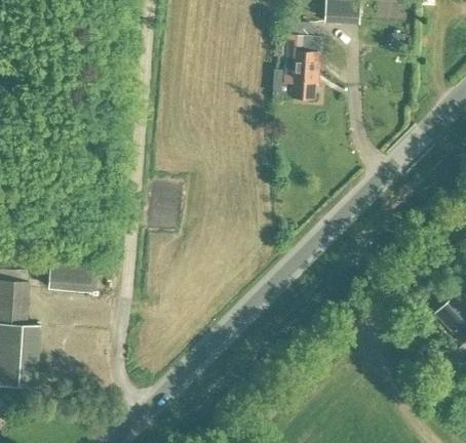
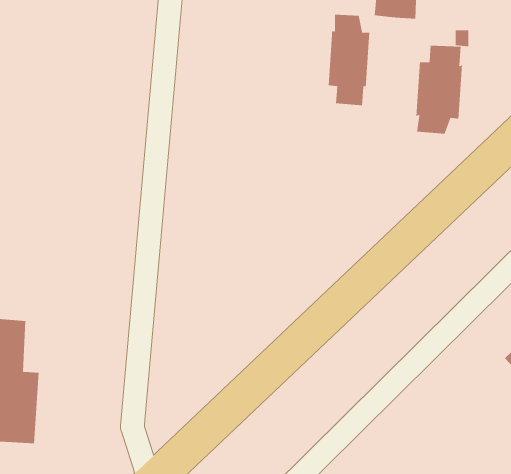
building: none -> [416,45,463,135]
building: [47,255,99,292] -> none

